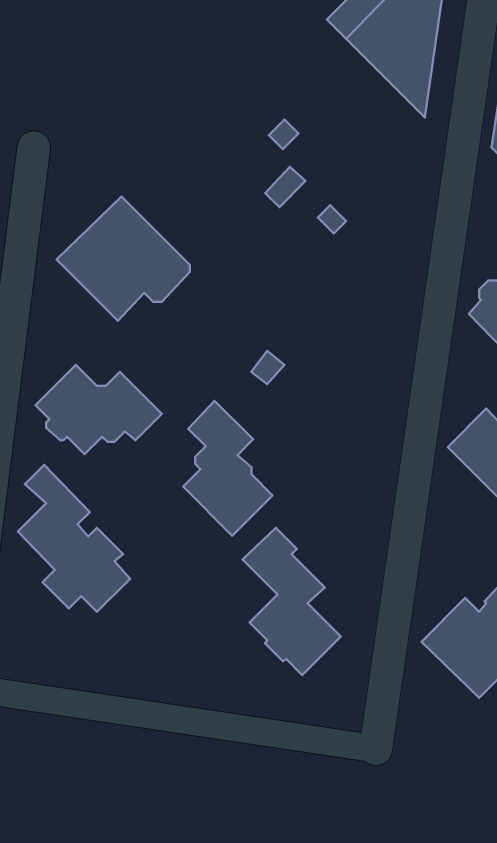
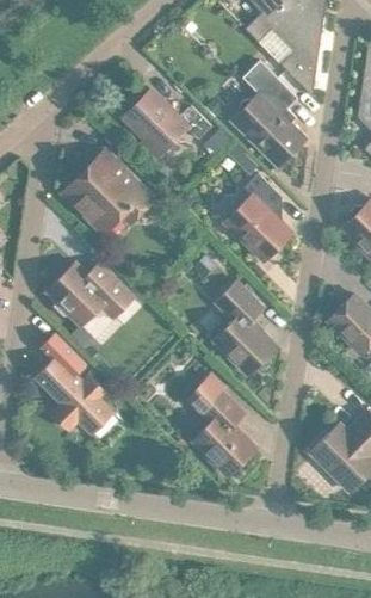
building: none -> [233,60,307,166]
building: none -> [124,90,212,158]
building: none -> [225,173,292,261]
building: [183,401,272,536] -> [215,282,276,374]

